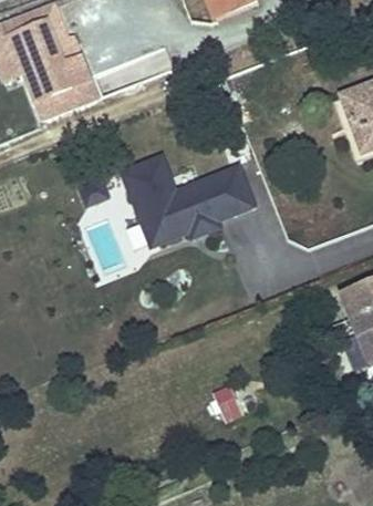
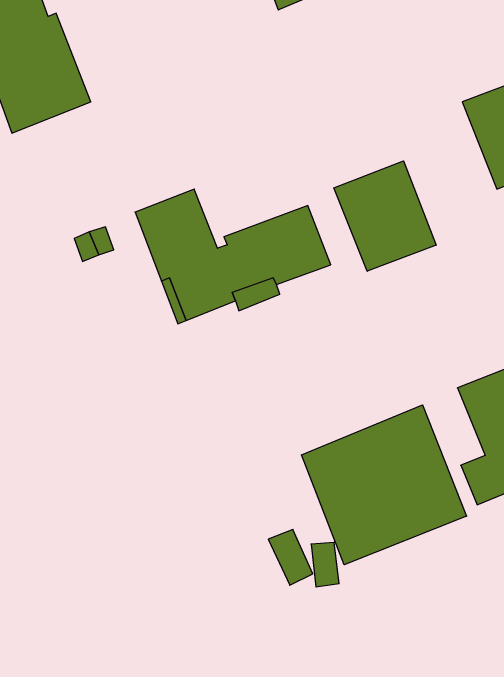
building: none -> [334,161,436,271]
building: none -> [302,405,467,565]

